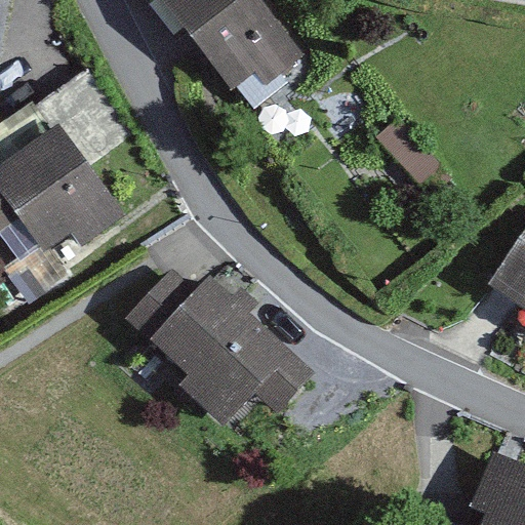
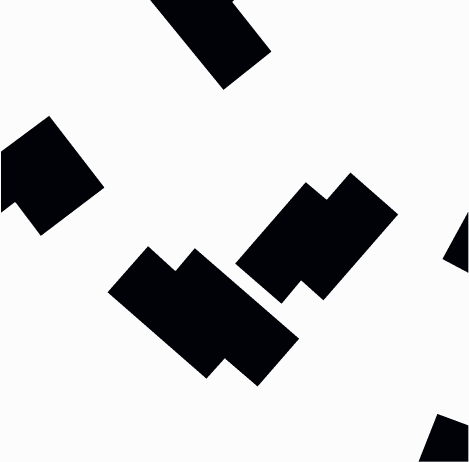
building: none -> [234,172,399,305]

